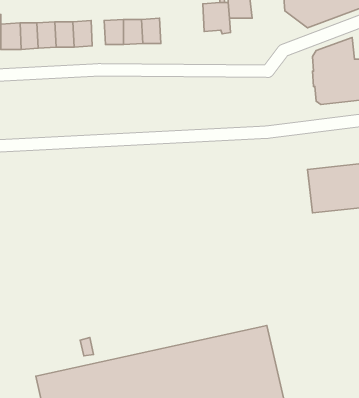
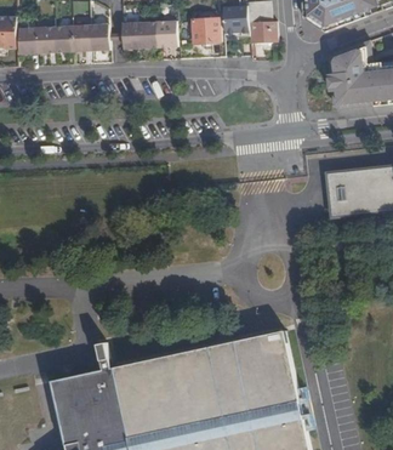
building: none -> [190,13,218,41]
building: none -> [246,19,275,40]

